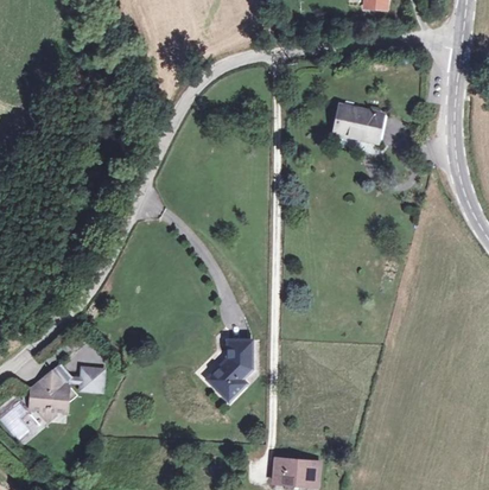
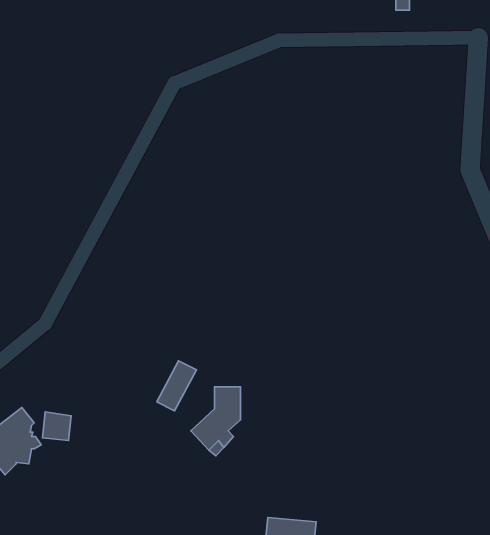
building: [334,103,380,140] -> none
building: none -> [157,361,196,411]

